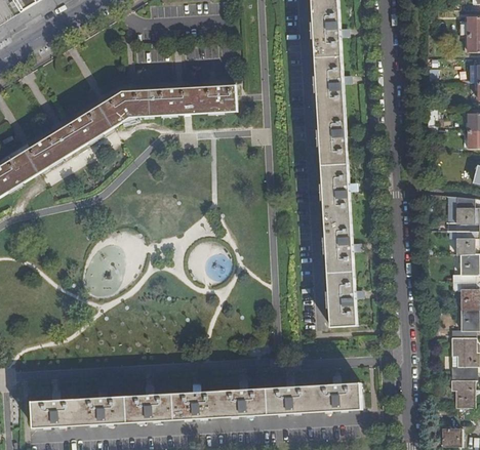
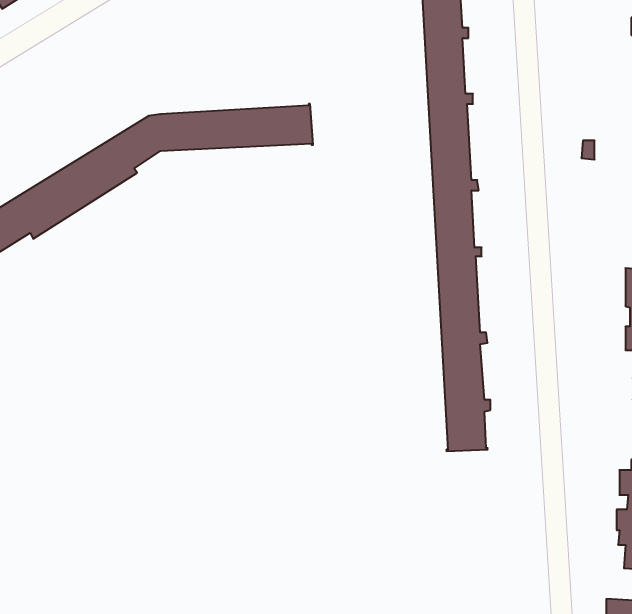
building: [31,378,360,428] -> none

